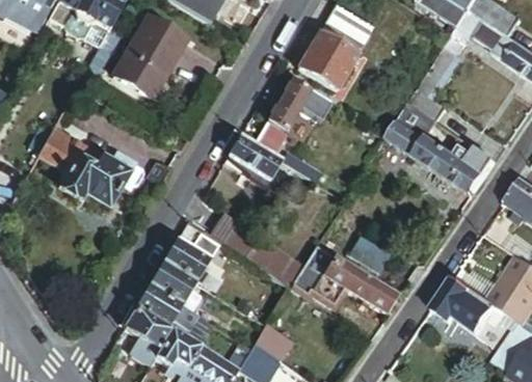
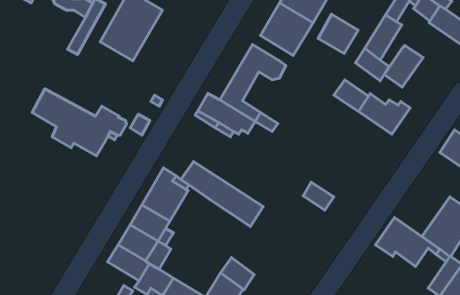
building: none -> [318,14,358,54]
building: [450,149,495,197] -> [384,46,423,87]
building: [288,246,396,315] -> none

